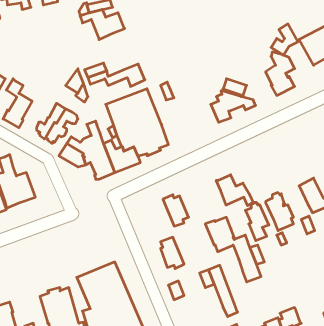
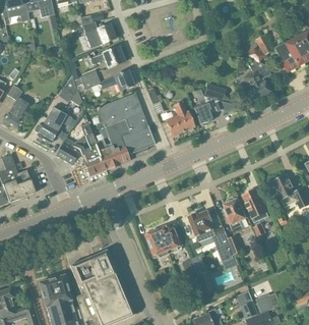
building: none -> [89,46,124,68]
building: none -> [166,101,194,136]
building: [216,175,253,206] -> none
building: [163,195,189,226] -> [159,224,182,253]

